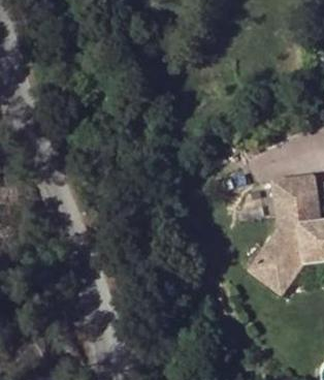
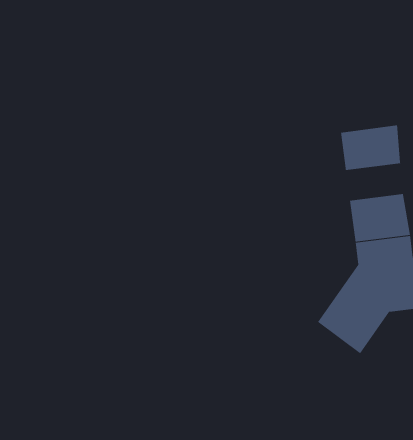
building: none -> [341,125,401,171]

